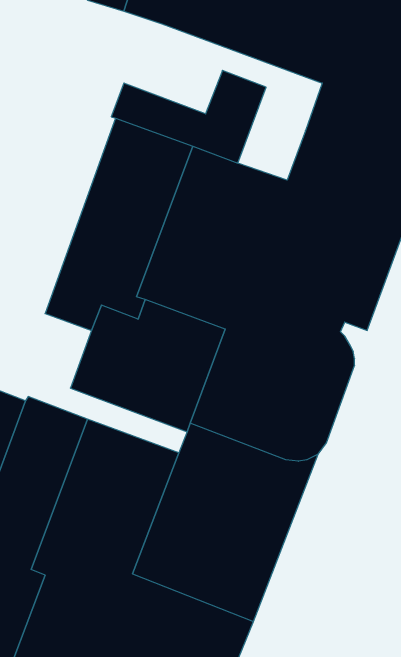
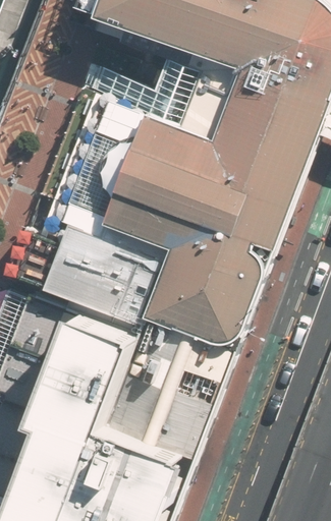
building: none -> [121,22,243,135]

